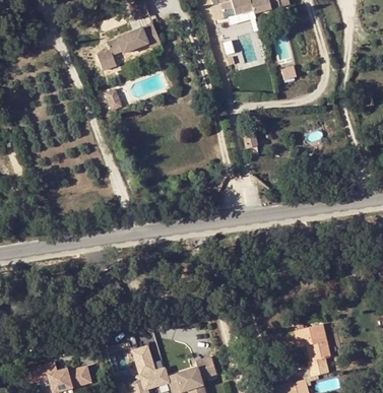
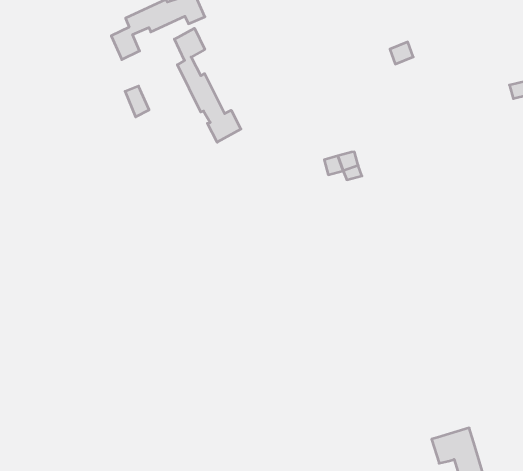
building: none -> [174,28,241,142]

